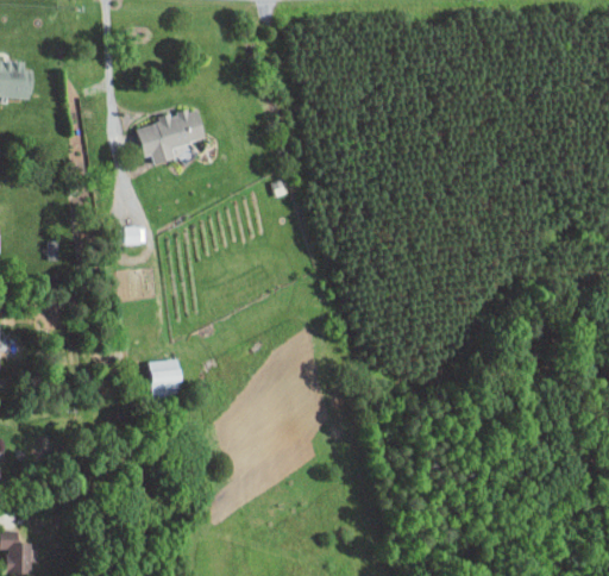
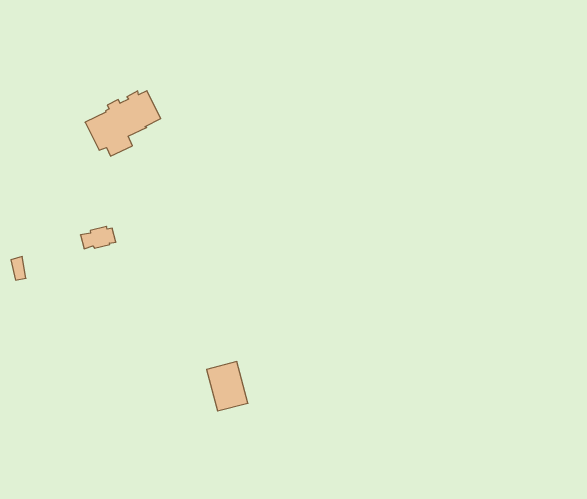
building: [149,359,181,401] -> [207,362,248,411]

